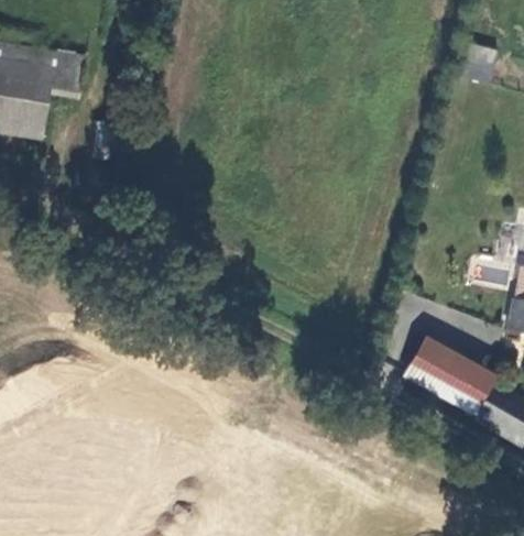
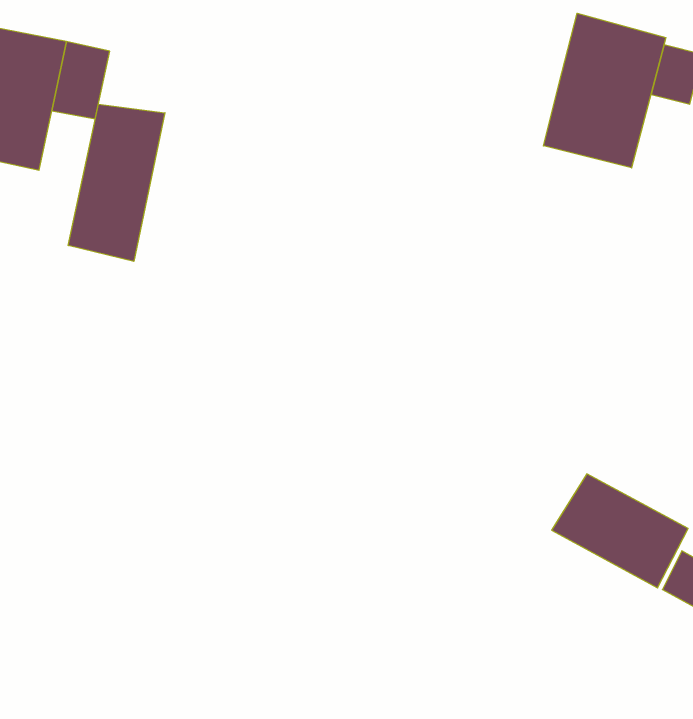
building: none -> [543,13,666,168]
building: none -> [68,104,165,261]

